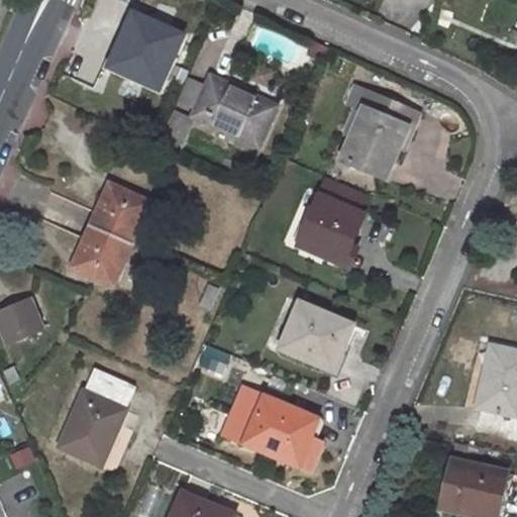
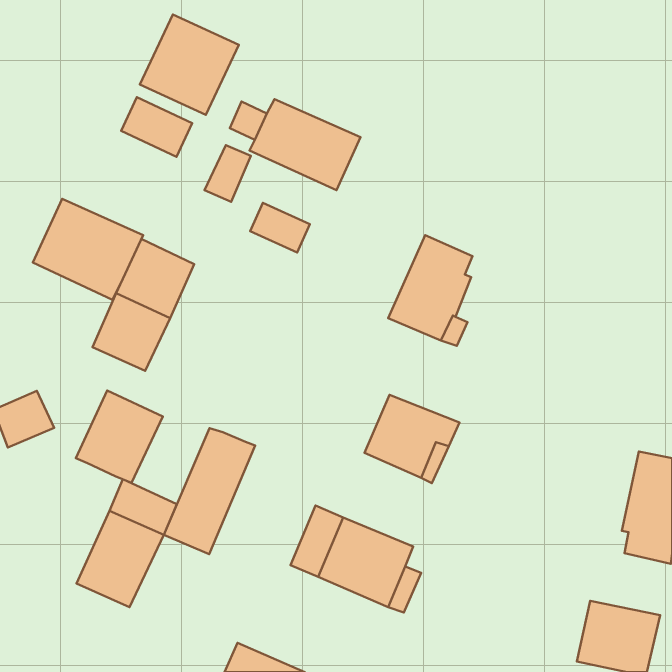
building: none -> [121,97,192,157]
building: [340,91,417,177] -> none
building: none -> [33,199,143,300]
building: none -> [250,203,310,253]
building: none -> [76,391,163,483]
building: none -> [164,428,255,554]

